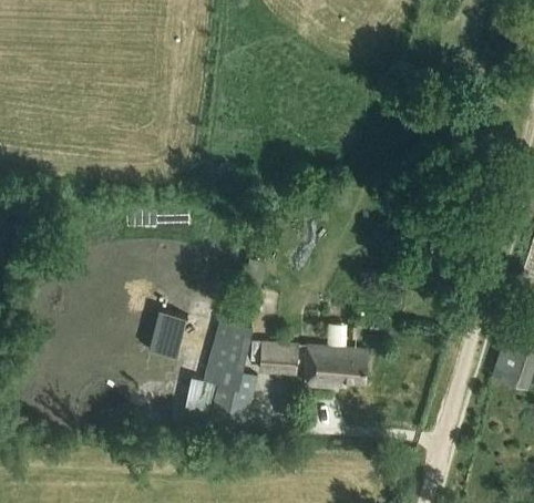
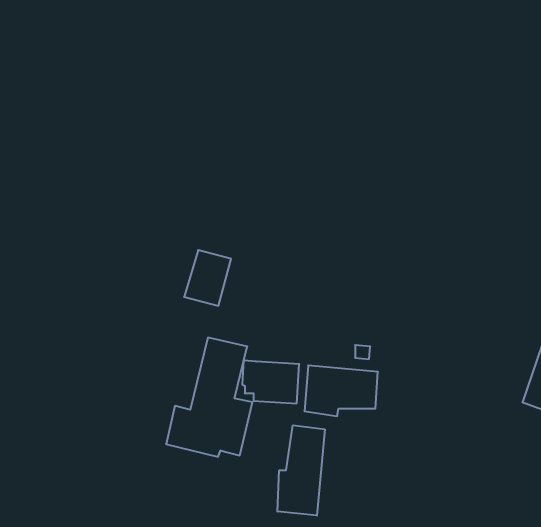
building: [150,308,191,357] -> [184,250,231,306]
building: none -> [277,425,325,516]

